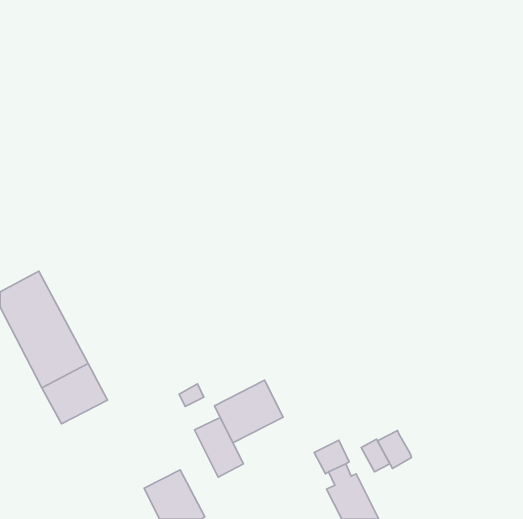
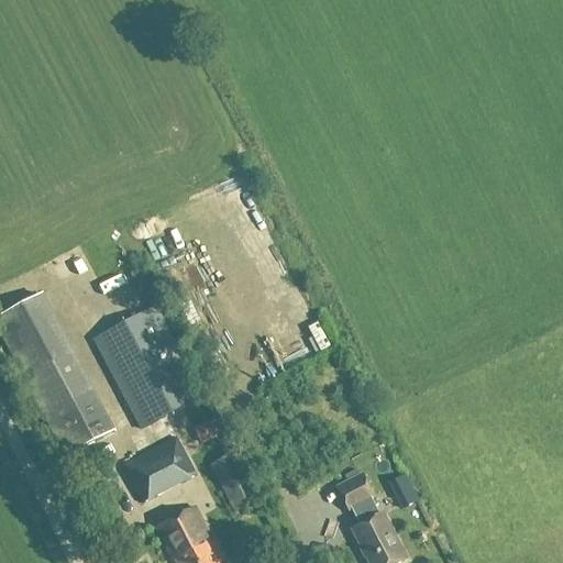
building: none -> [92,305,203,429]
building: [214,380,283,443] -> [122,435,196,503]
building: [377,430,412,468] -> none

